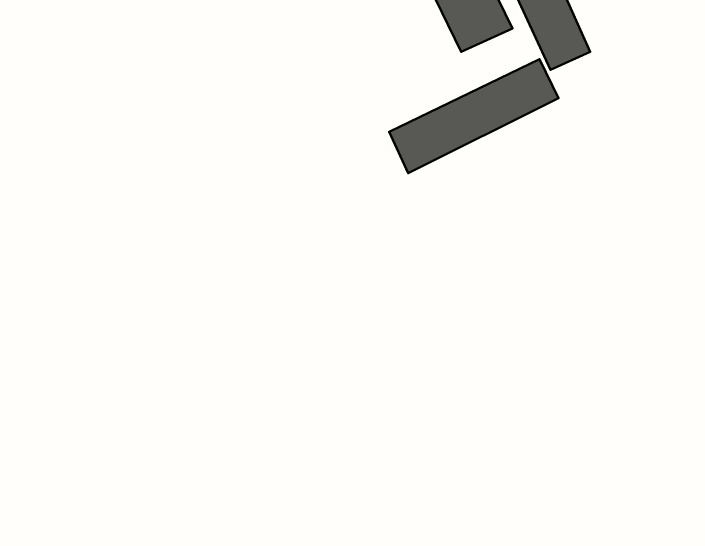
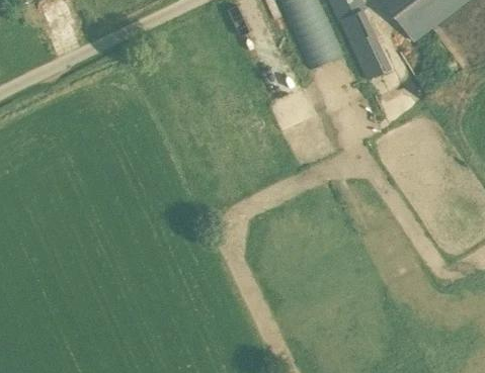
building: [389,59,559,173] -> none

